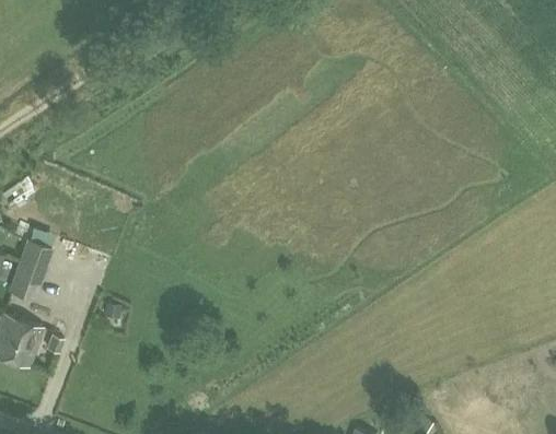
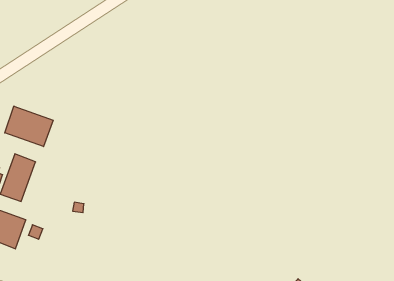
building: none -> [5,106,53,147]

